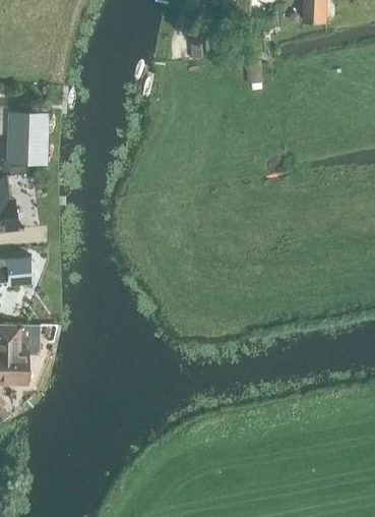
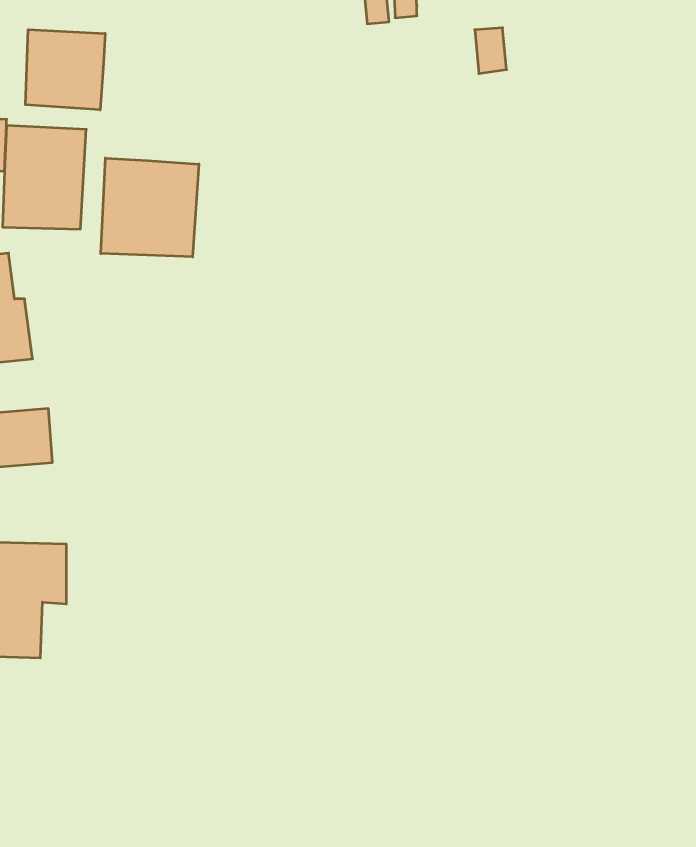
building: none -> [25,30,105,110]
building: none -> [101,158,199,257]

